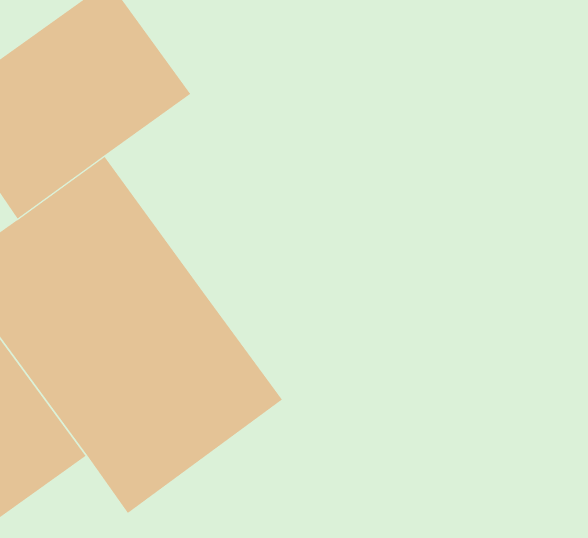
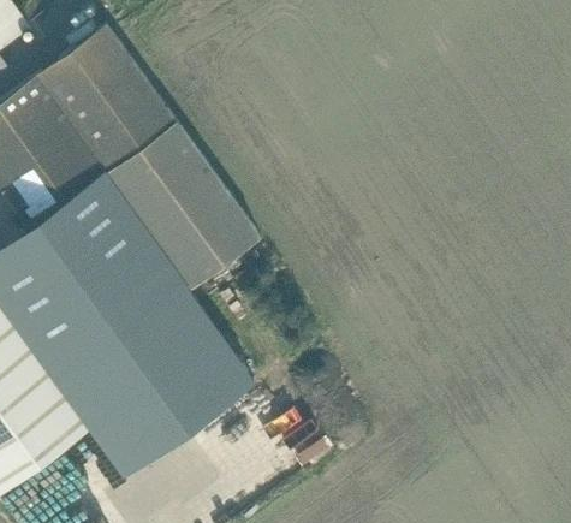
building: none -> [105,123,261,291]

